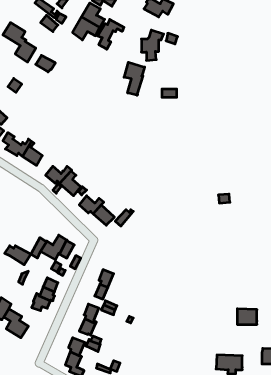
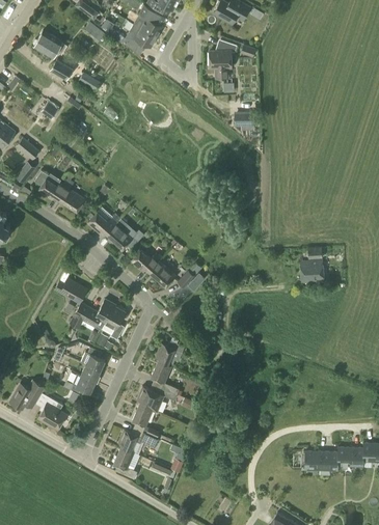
building: [98,19,124,49] -> none
building: [124,62,145,95] -> none
building: none -> [301,260,325,282]
building: [5,246,31,265] -> [55,278,88,302]
building: [237,309,257,324] -> [339,446,363,466]

